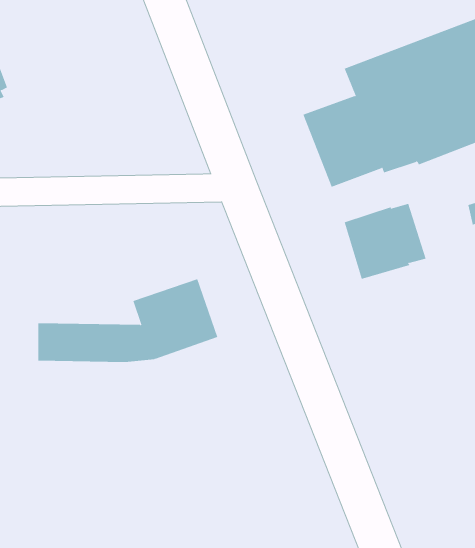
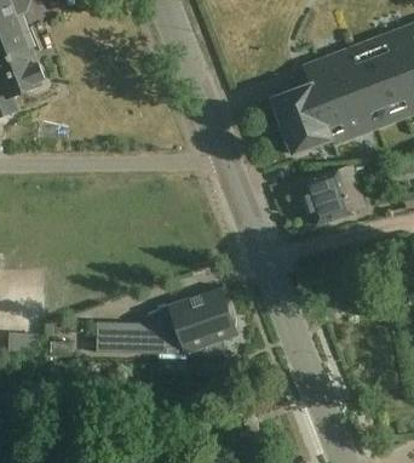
building: [38,279,218,363] -> [100,287,238,351]

